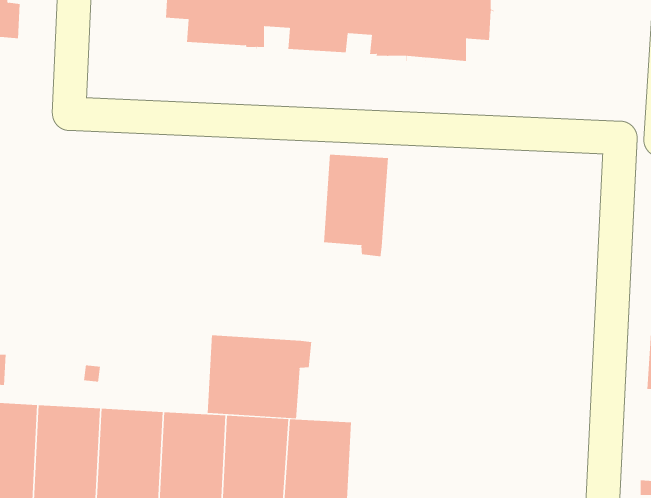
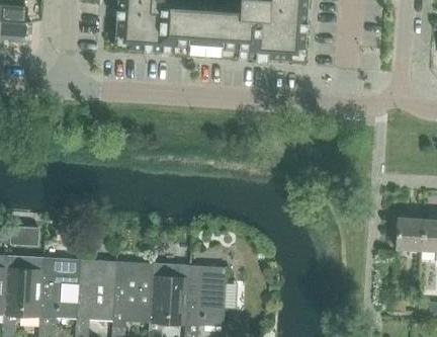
building: [323,154,388,257] -> none
building: [207,335,312,419] -> none

